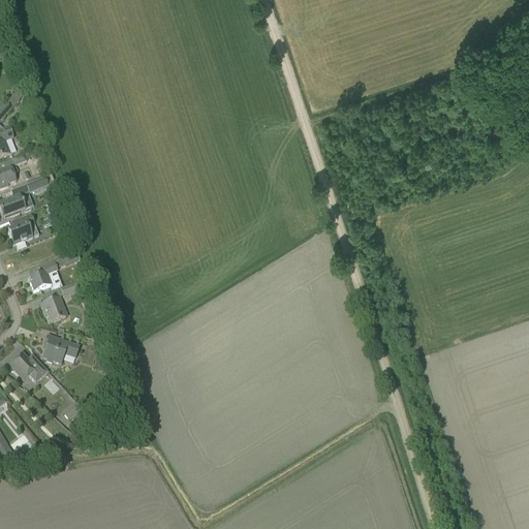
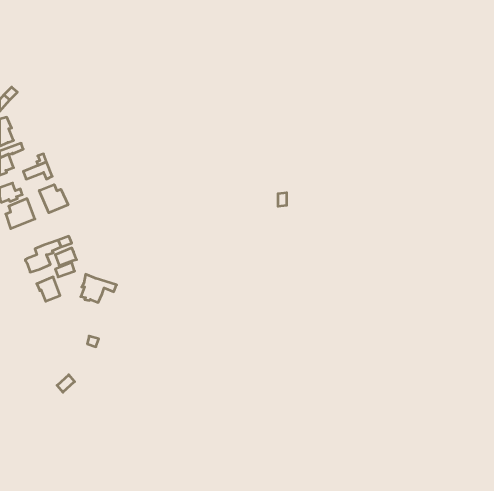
building: none -> [39,185,68,213]
building: [40,333,79,363] -> [81,274,117,302]
building: [7,351,46,381] -> none

